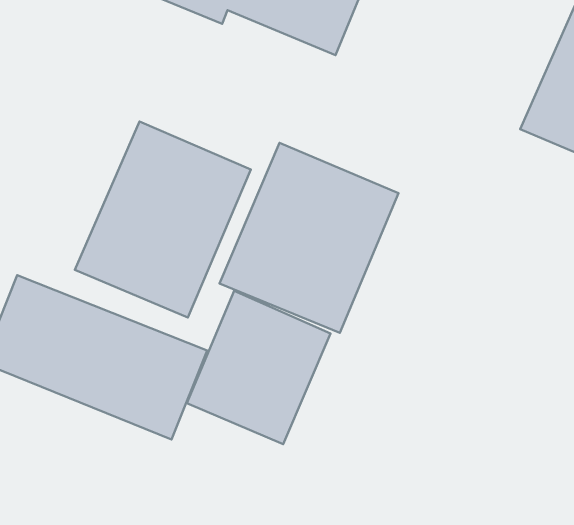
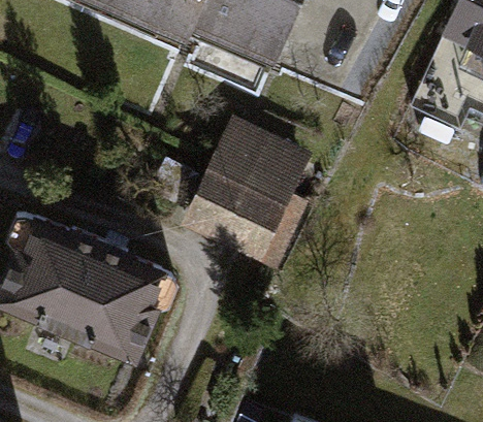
building: [75,121,251,318] -> none
building: [187,291,331,444] -> none

